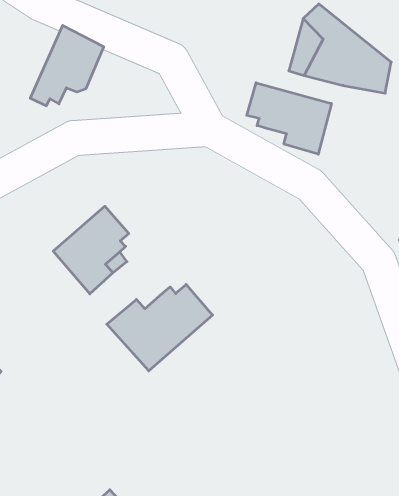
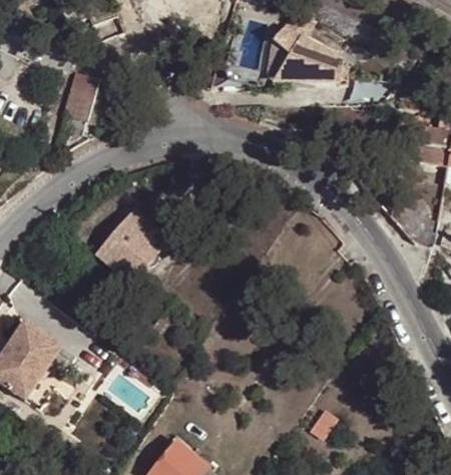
building: [247,83,331,154] -> none
building: [107,284,213,371] -> none

